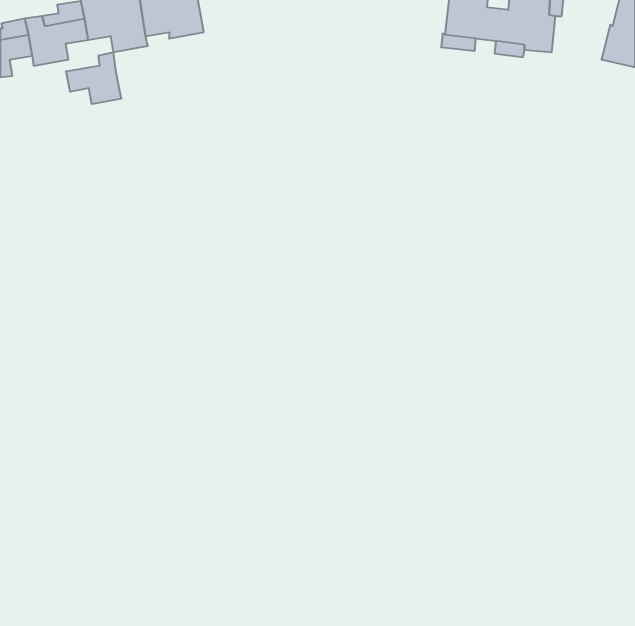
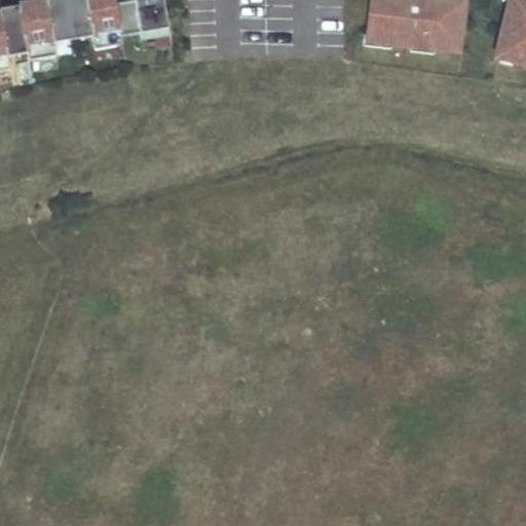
building: [66,52,121,104] -> none

